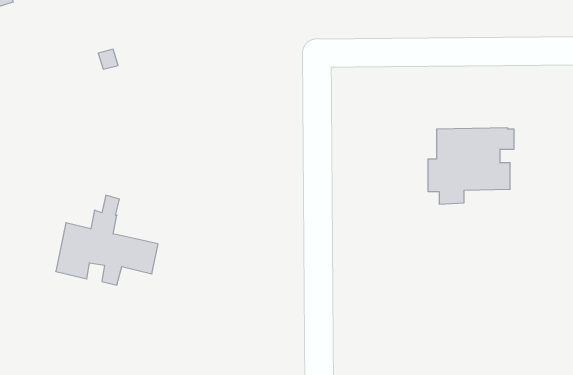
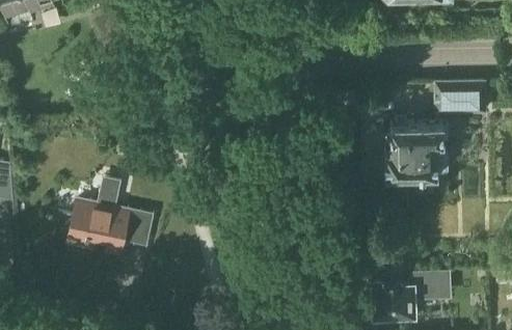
building: none -> [433,80,485,114]
building: none -> [373,275,451,322]

